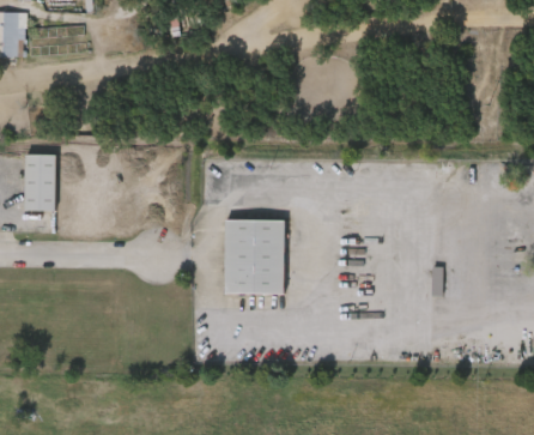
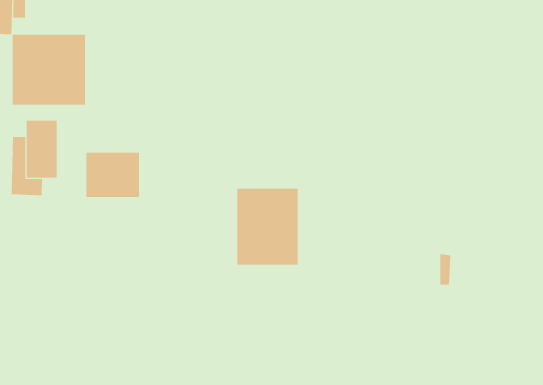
building: none -> [12,34,85,105]
building: none -> [86,152,140,198]

